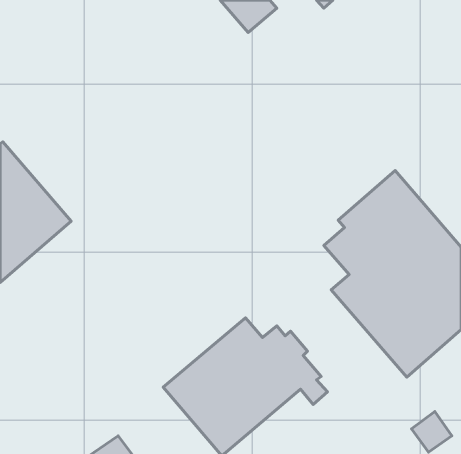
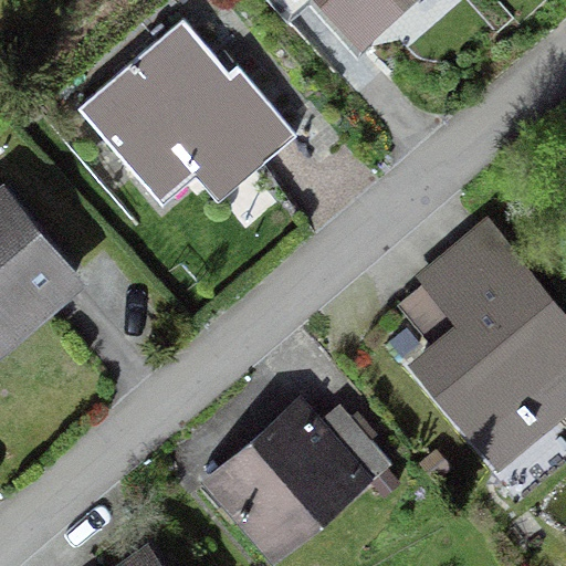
building: none -> [77,21,297,211]

